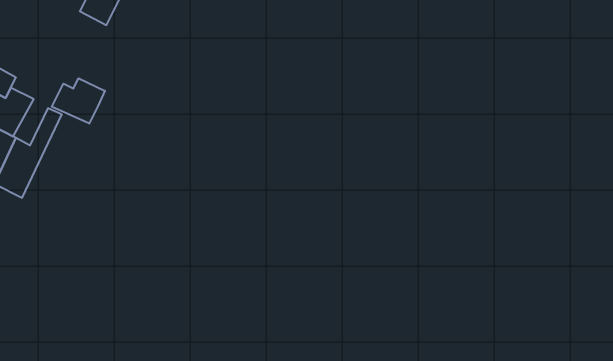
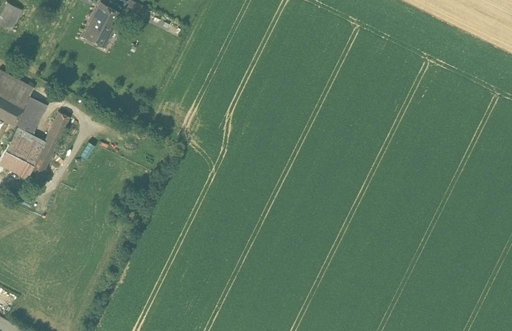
building: [52,78,105,124] -> none

